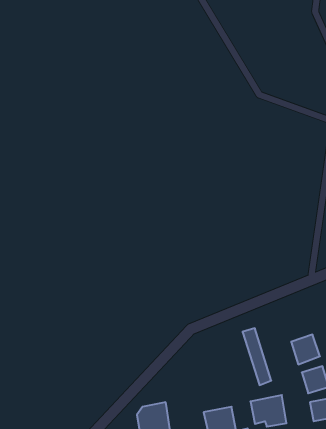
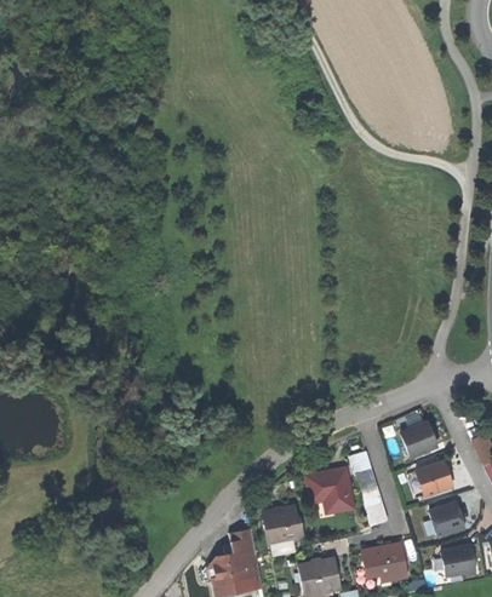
building: none -> [399,420,437,458]
building: none -> [303,466,356,515]
building: none -> [262,503,307,547]
building: none -> [229,529,257,558]

